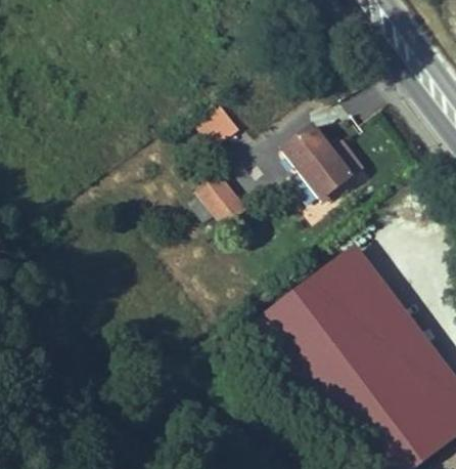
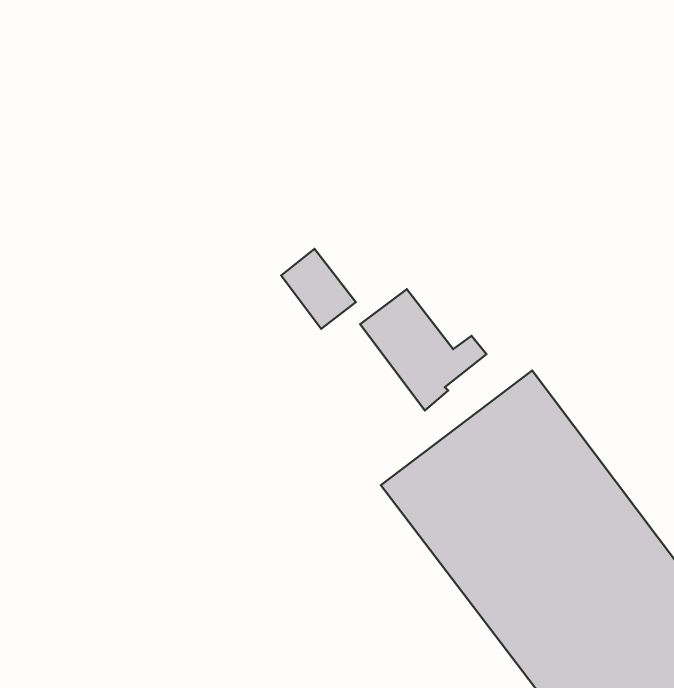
building: [198,102,239,142] -> none
building: [284,122,362,197] -> [360,289,486,411]

